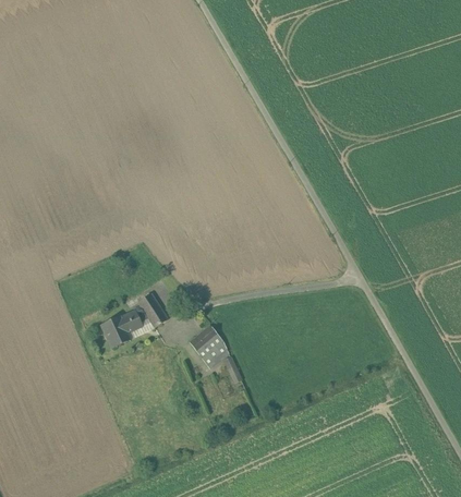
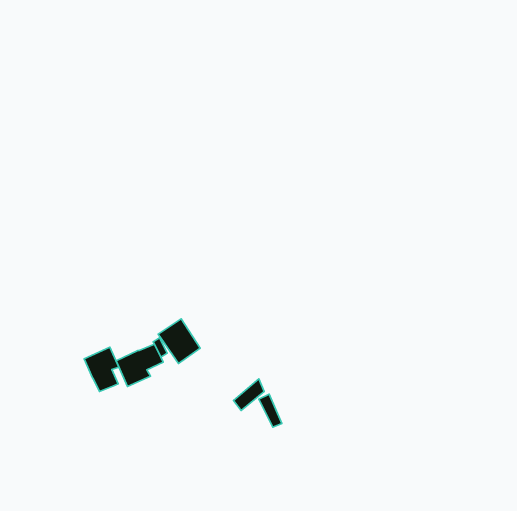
building: none -> [84,347,119,391]
building: [189,325,222,359] -> none

